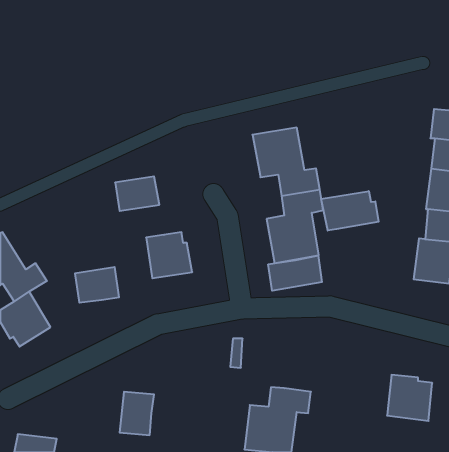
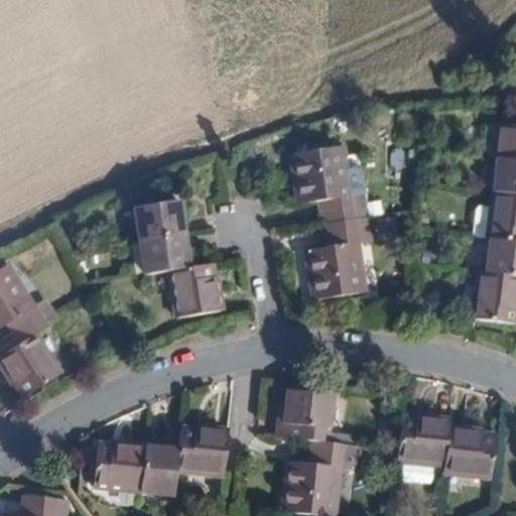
building: [321,191,379,231] -> none
building: [268,256,322,291] -> none
building: [75,267,119,303] -> [140,233,190,273]
building: none -> [279,389,333,441]
building: none -> [398,415,449,465]
building: none -> [176,426,229,476]
building: none -> [93,442,145,492]

